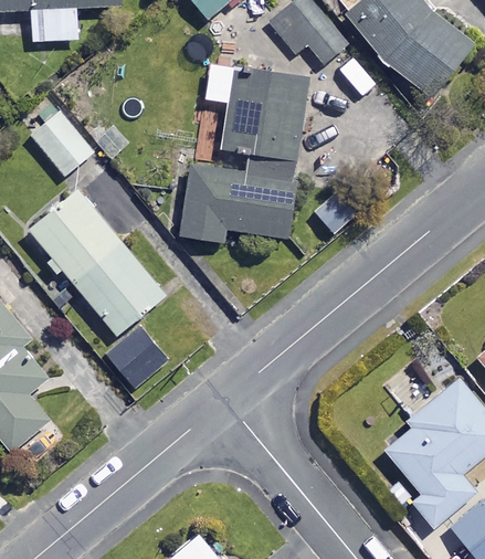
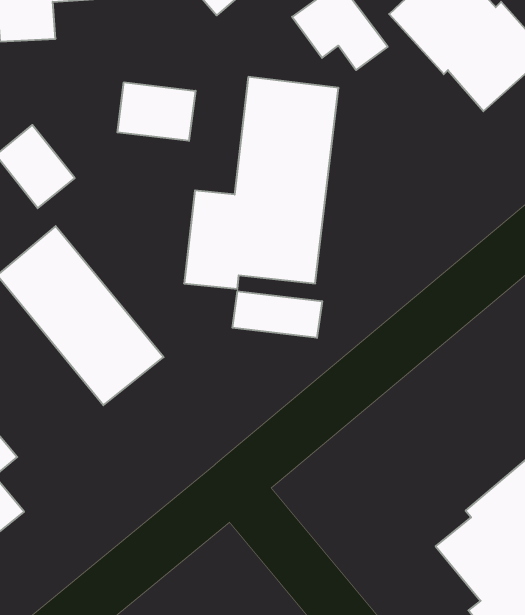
building: none -> [117,82,196,141]
building: none -> [232,291,322,338]
building: [105,325,168,388] -> none

